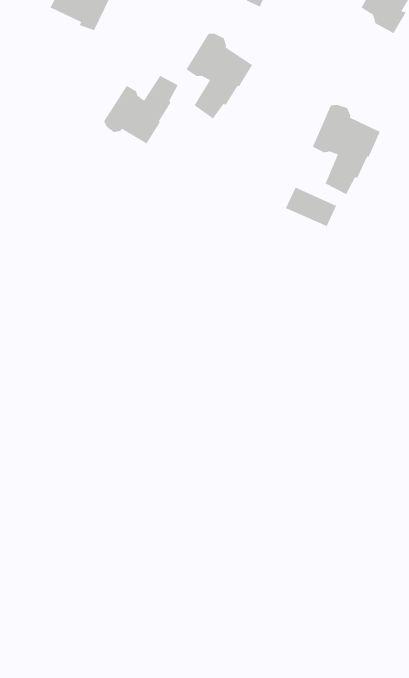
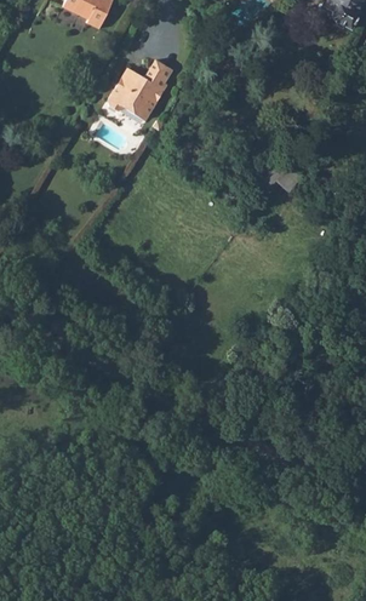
building: [186,33,253,120] -> none
building: [312,104,381,195] -> none

